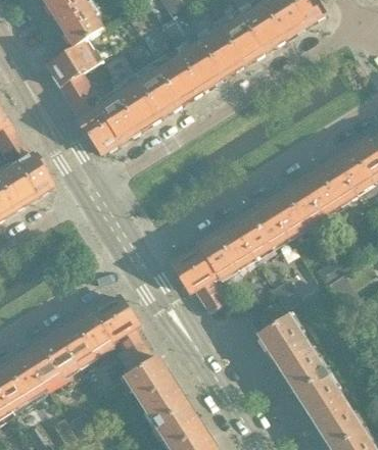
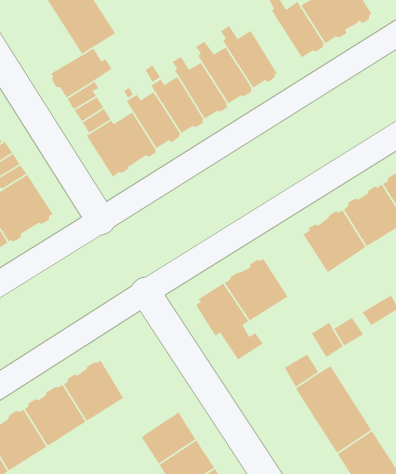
building: [217,11,266,65] -> none
building: [233,204,288,258] -> none
building: [92,297,155,376] -> none

